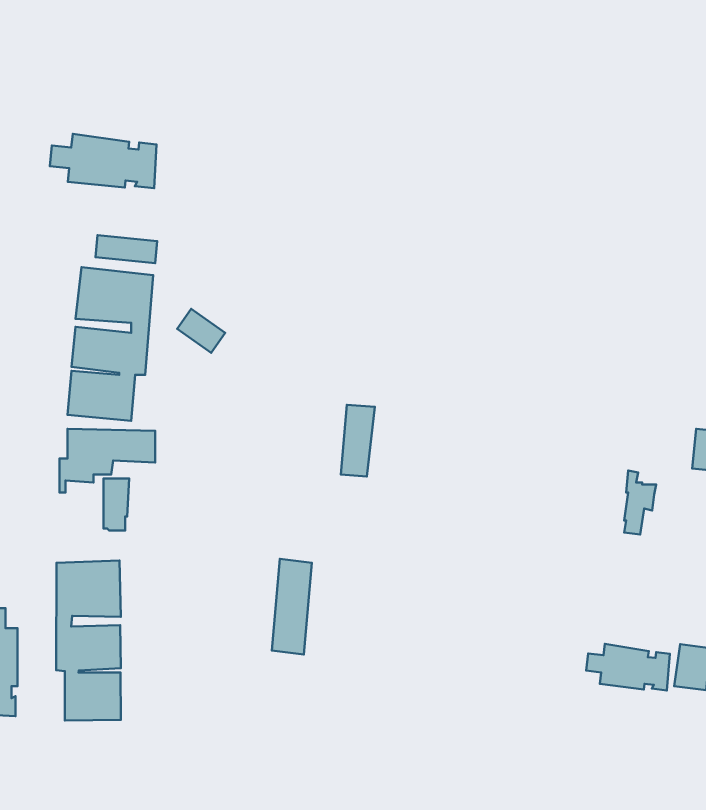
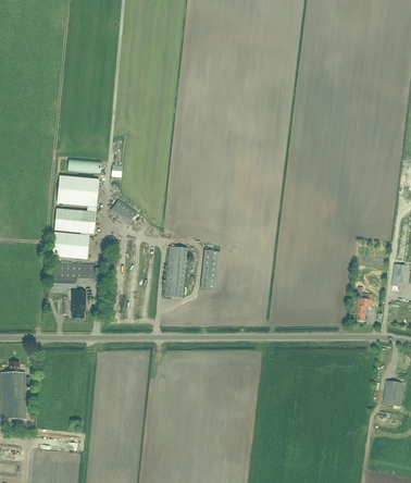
building: [50,134,157,188] -> none
building: [272,559,312,655] -> [164,246,186,298]
building: [56,561,121,721] -> none
building: [586,644,670,690] -> none

